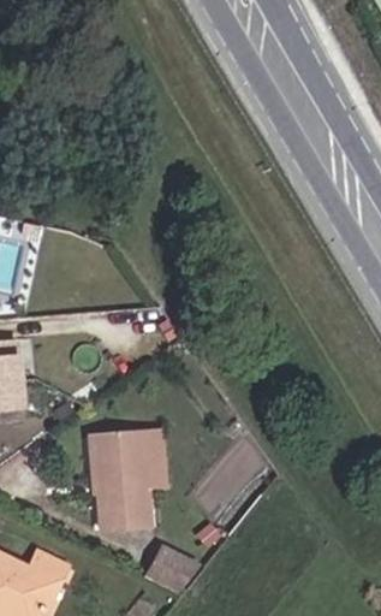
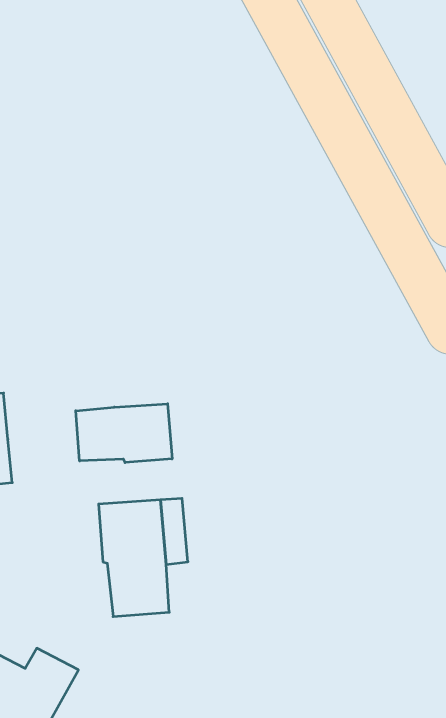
building: none -> [76,404,172,463]
building: [144,545,200,591] -> none

